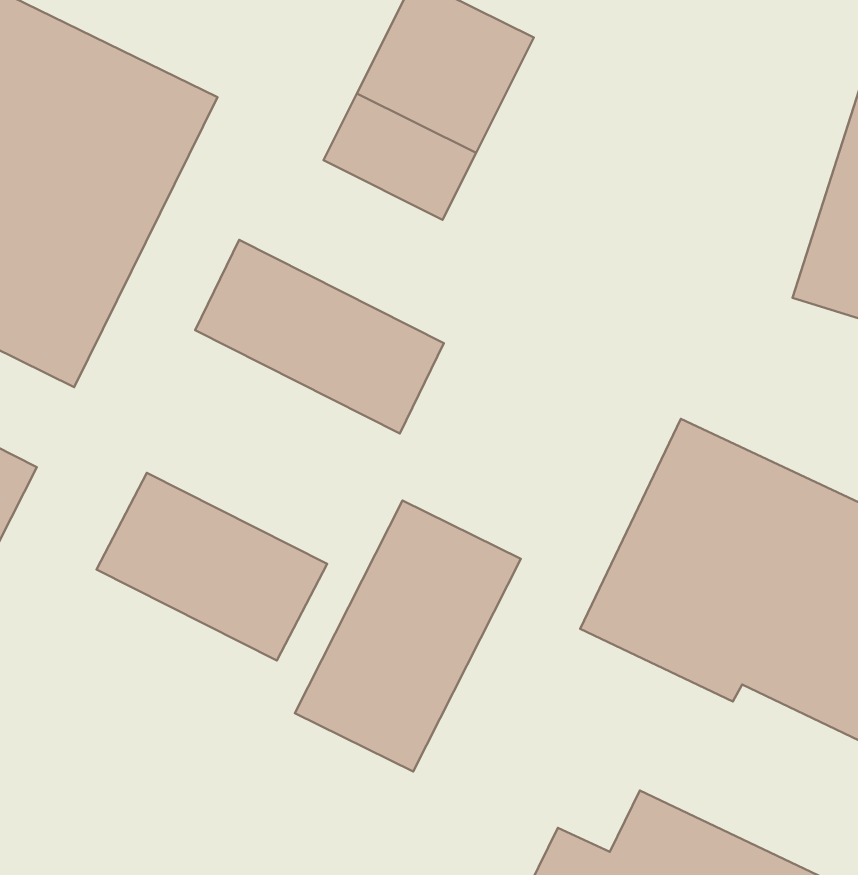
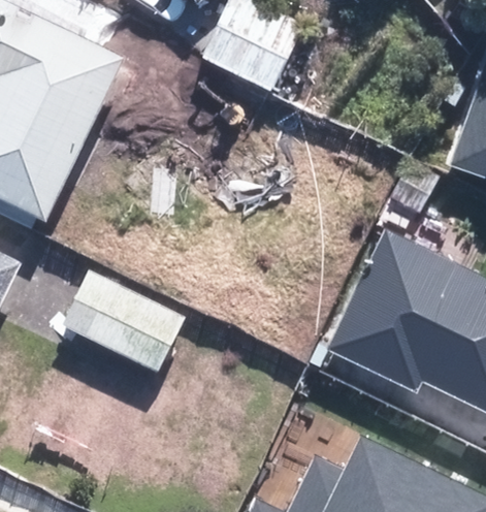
building: [195,240,444,434] -> none
building: [295,501,521,771] -> none

